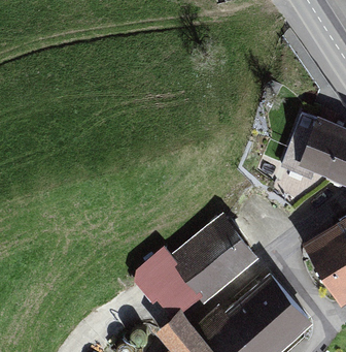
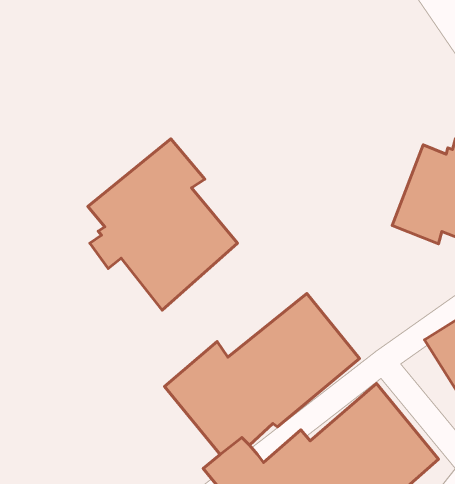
building: none -> [88,139,238,310]

